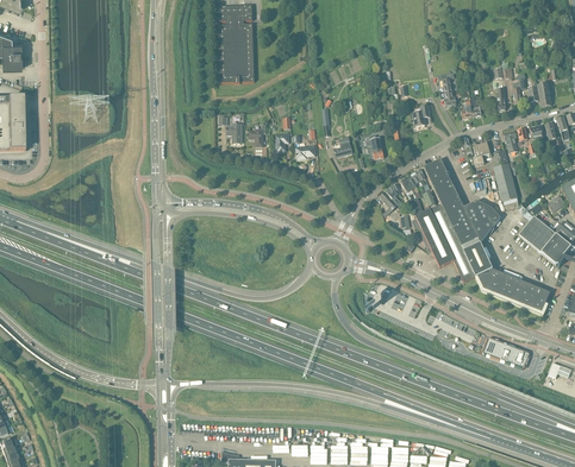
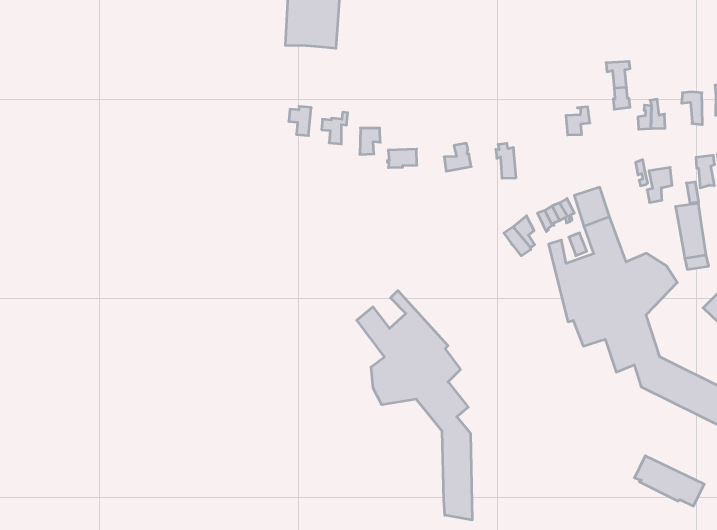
building: none -> [357,291,472,520]

